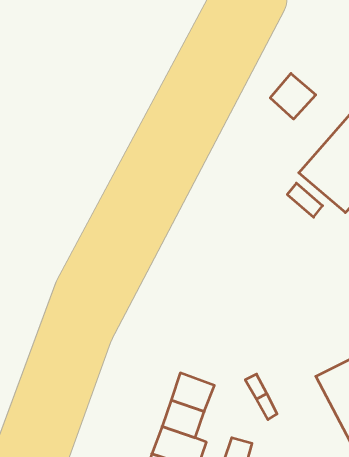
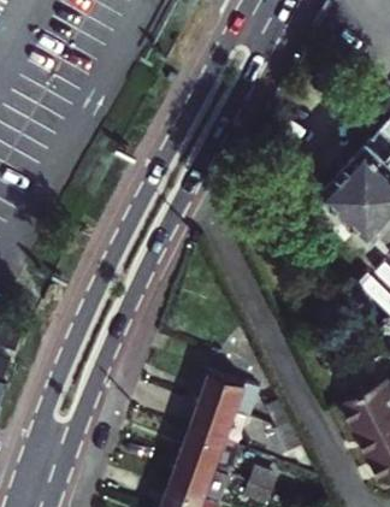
building: [270,73,316,119] -> none
building: none -> [199,372,256,419]

